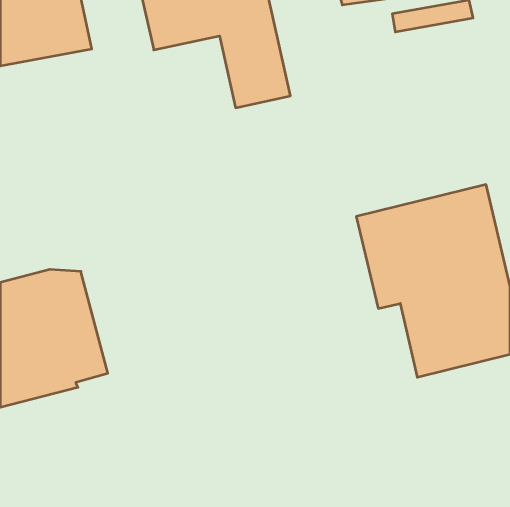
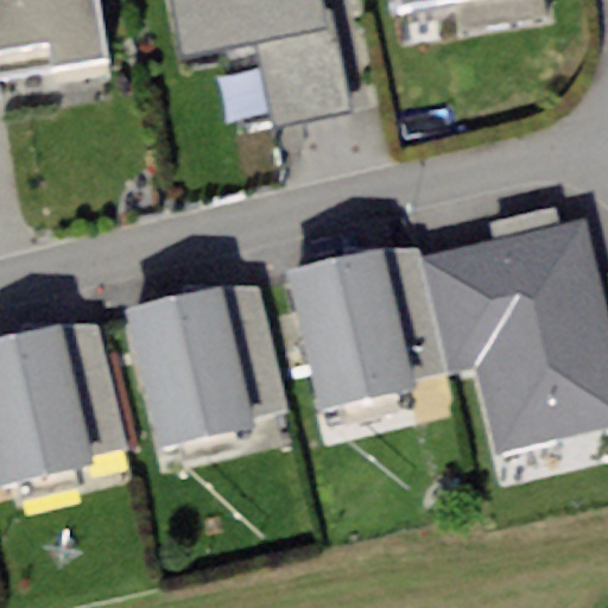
building: none -> [287,243,450,410]
building: none -> [125,284,290,446]

